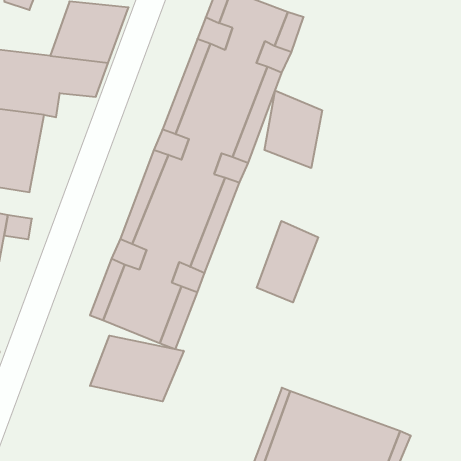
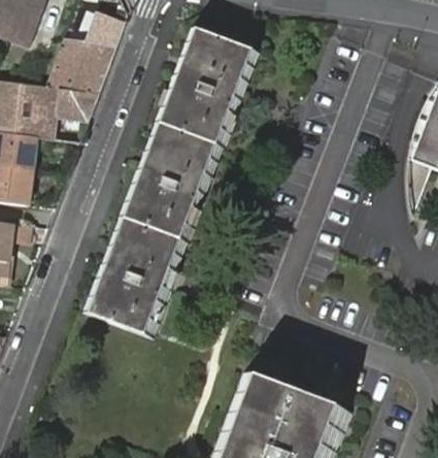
building: [264,91,322,168] -> none
building: [257,221,318,302] -> none
building: [90,336,184,401] -> none

